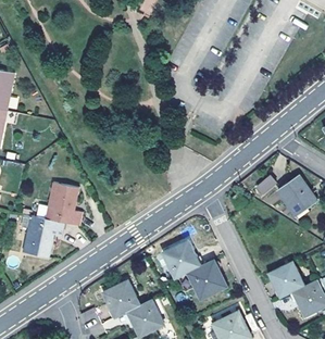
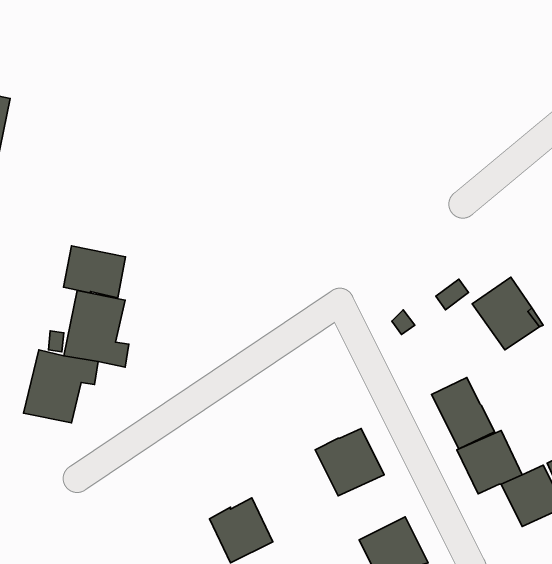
building: none -> [64,246,125,298]
building: none -> [431,378,495,449]
building: [162,239,200,278] -> none
building: [102,280,139,318] -> none

